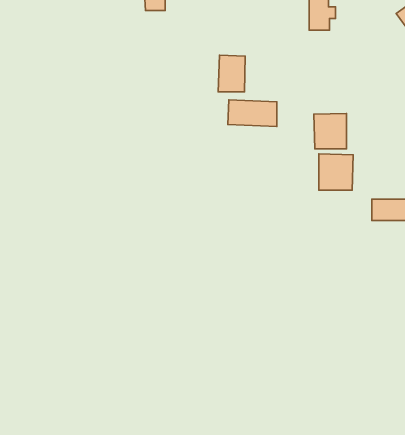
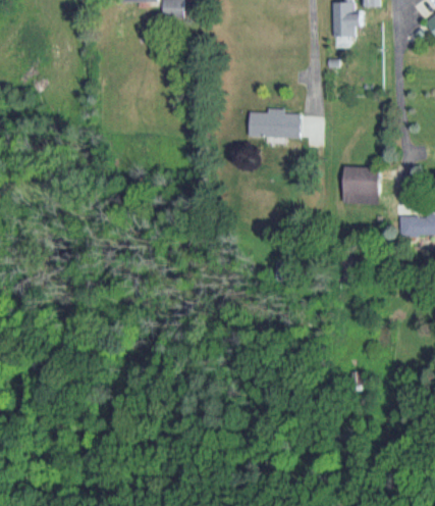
building: [218,55,245,92] -> none
building: [314,113,347,149] -> none

